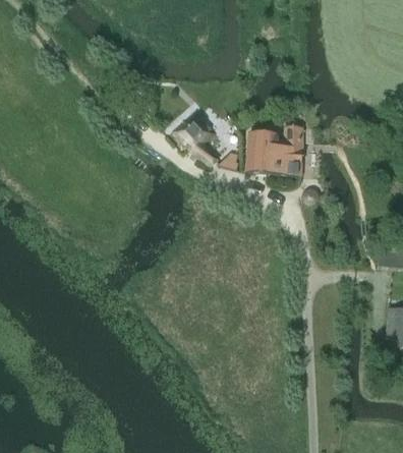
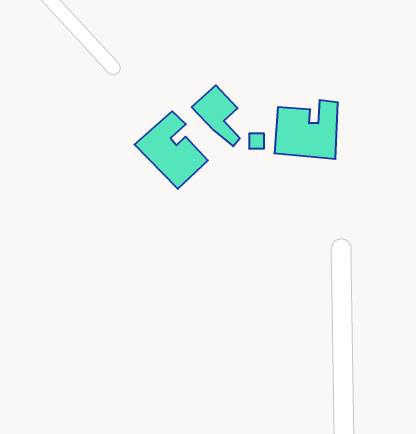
building: none -> [134,111,208,189]

